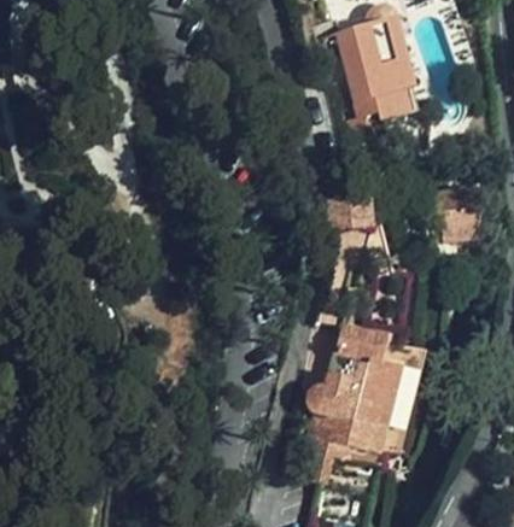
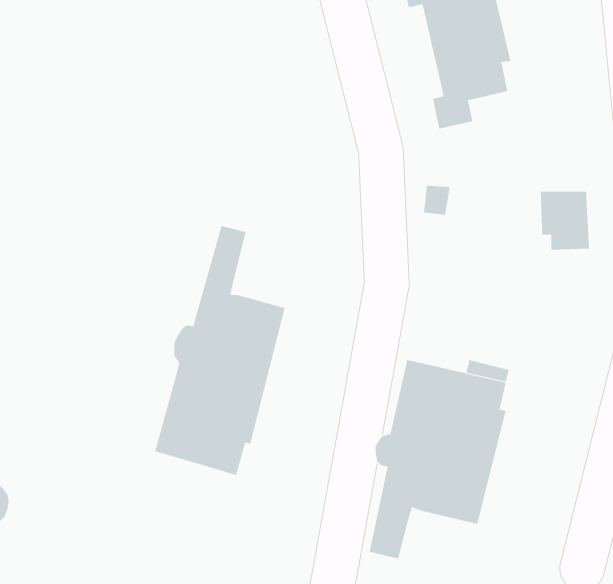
building: none -> [155,225,285,476]

